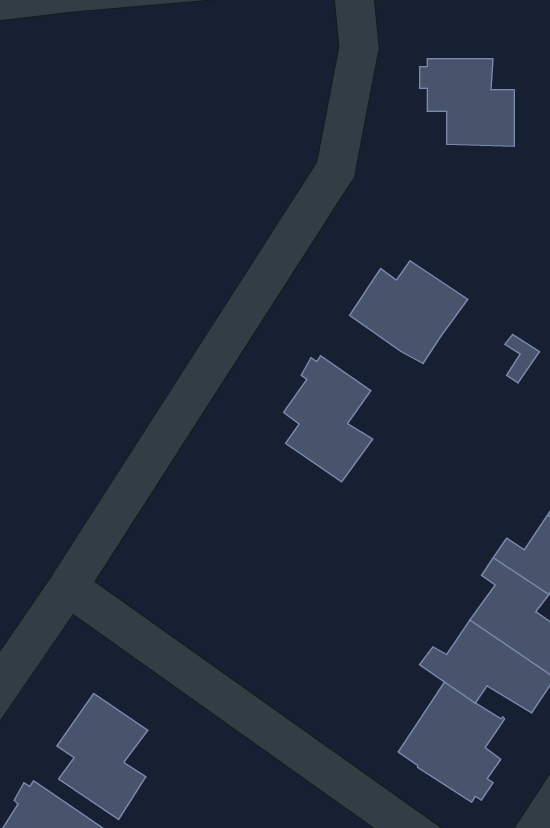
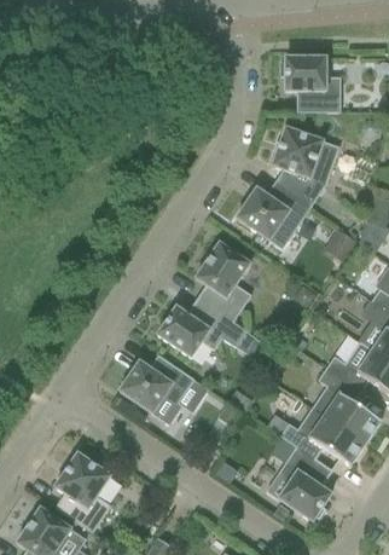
building: none -> [272,127,338,207]
building: none -> [157,296,246,357]
building: none -> [120,354,193,423]

